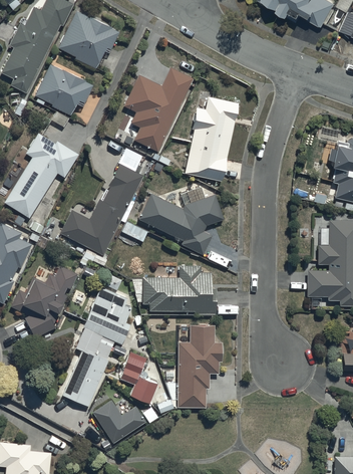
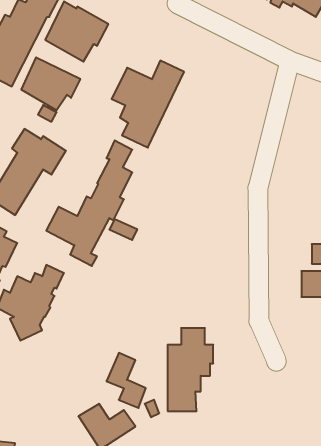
building: [185,97,238,182] -> none
building: [138,187,224,256] -> none
building: [133,266,216,315] -> none
building: [62,286,132,407] -> none

